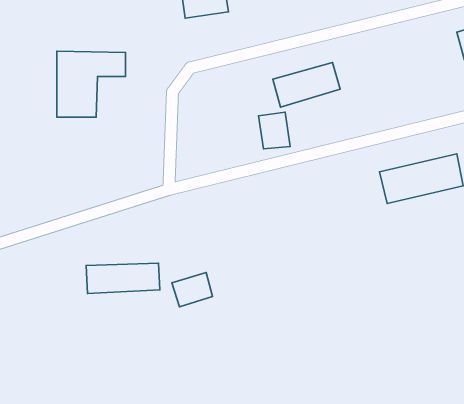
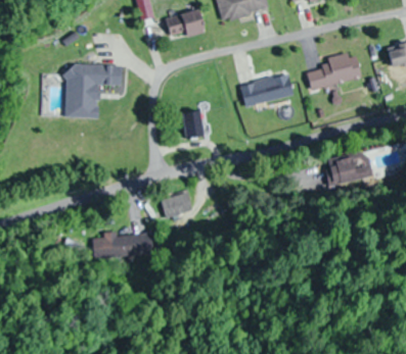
building: none -> [308,51,362,89]
building: [259,112,290,149] -> [182,109,208,139]
building: [172,273,212,307] -> [160,192,192,219]

